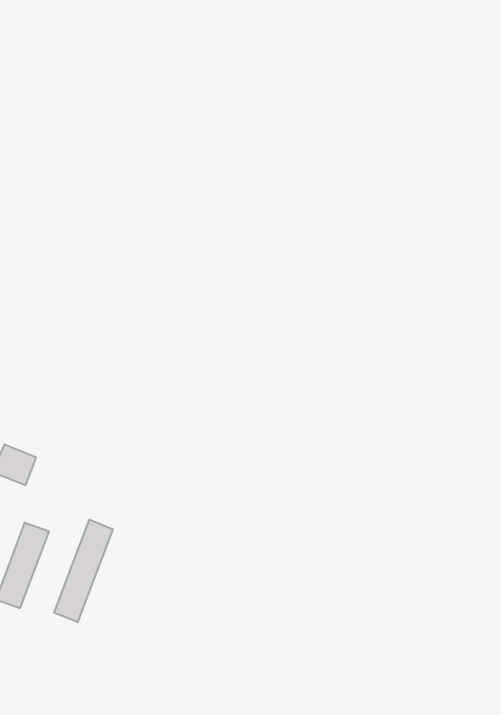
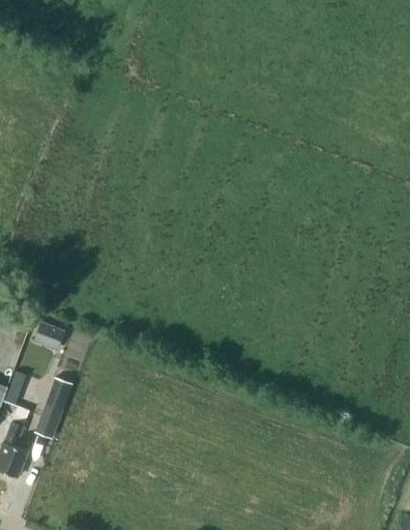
building: [54,520,113,622] -> none

